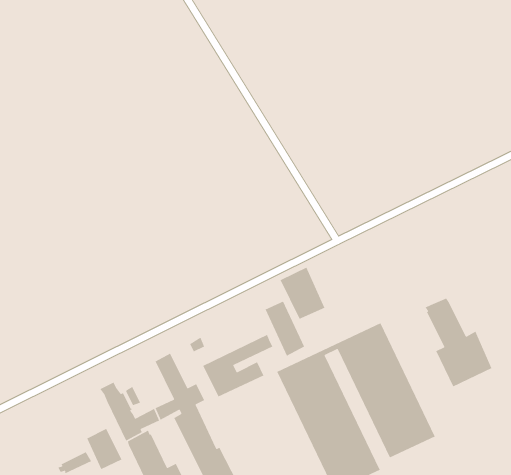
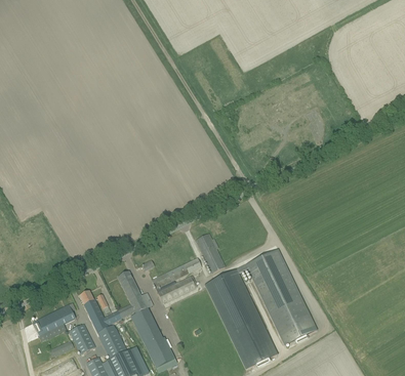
building: [279,267,326,320] -> none
building: [424,297,493,388] -> none
building: none -> [34,303,78,341]

